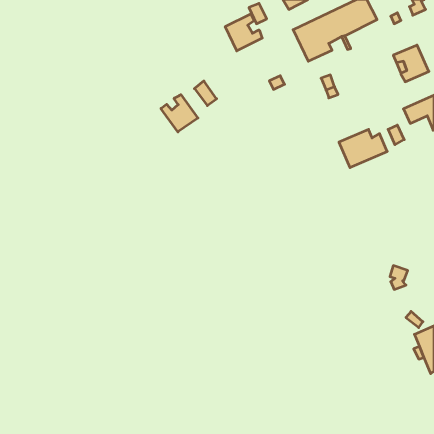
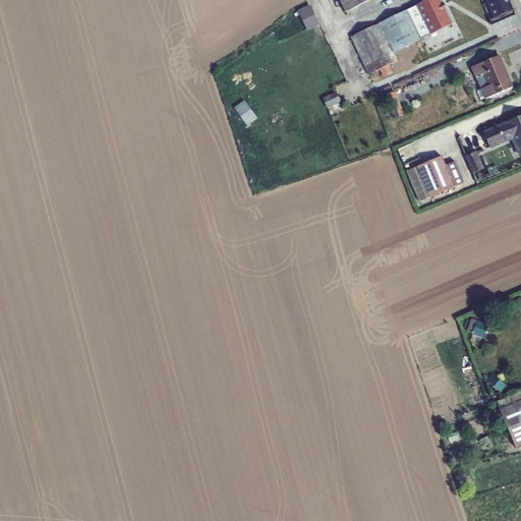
building: [225,14,262,51] -> none
building: [161,95,198,132] -> none

